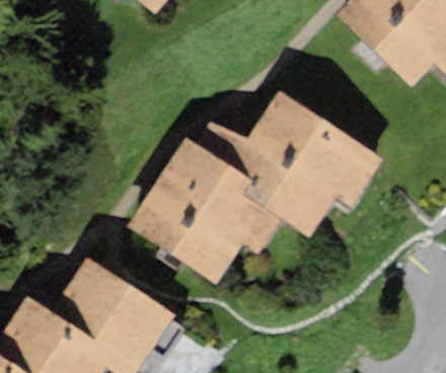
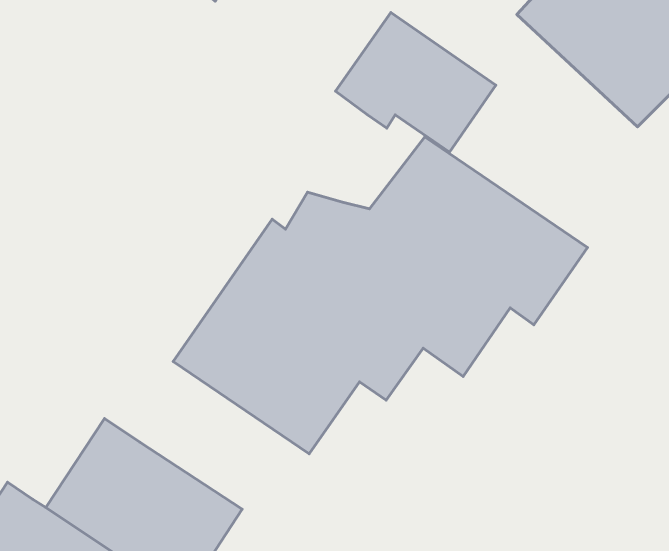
building: none -> [336,12,496,152]

